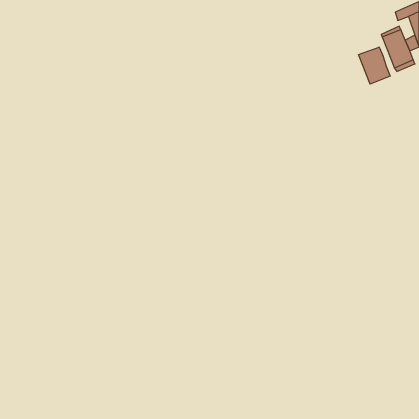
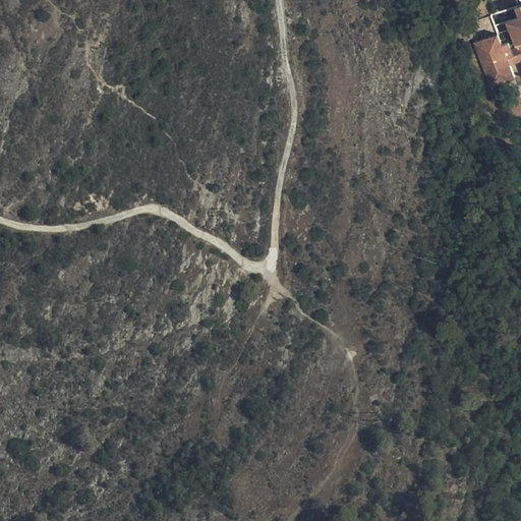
building: [358,47,390,84] -> none

